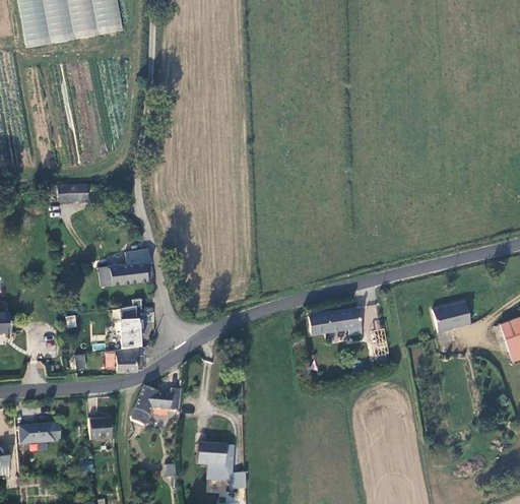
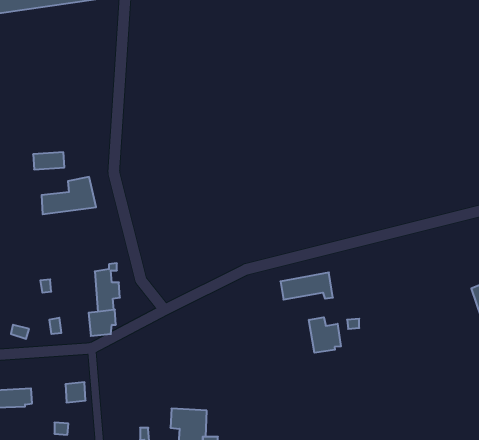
building: [100,249,154,287] -> [42,177,96,214]
building: [430,301,468,330] -> none
building: none -> [309,317,341,353]
building: [129,385,180,423] -> none

